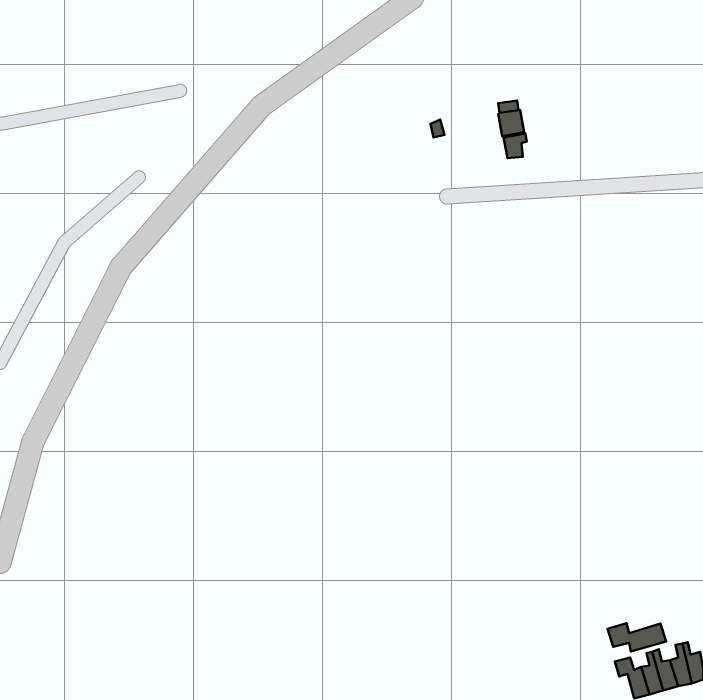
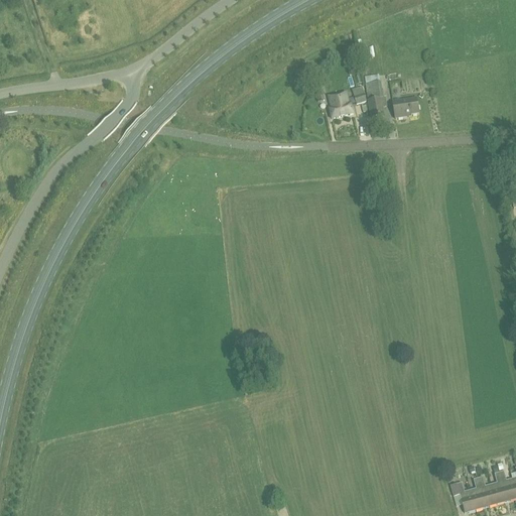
building: none -> [329,91,354,118]
building: none -> [393,97,419,118]
building: [607,623,666,651] -> none

